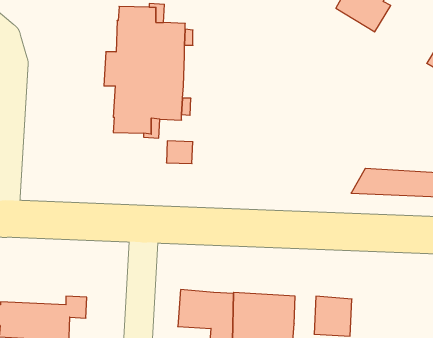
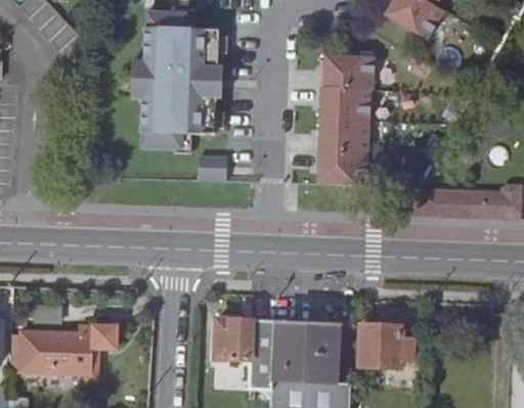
building: none -> [316,57,375,187]

